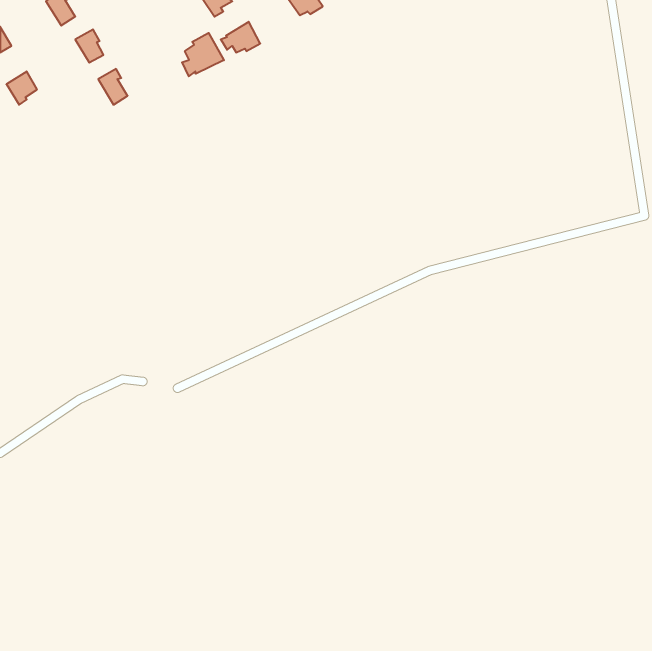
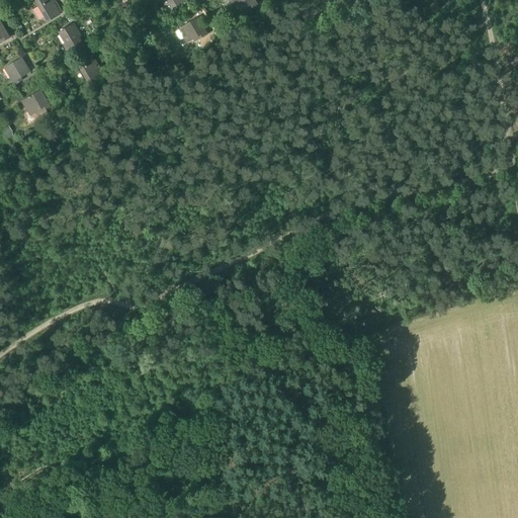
building: [182,33,224,76] -> none
building: none -> [22,90,50,114]

